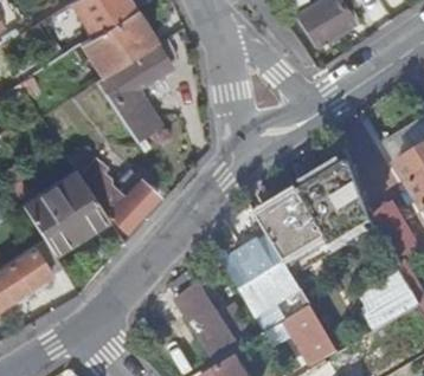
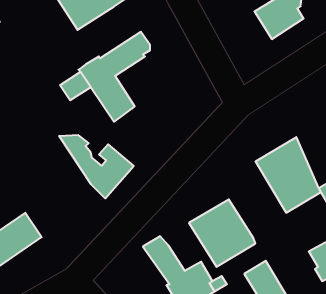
building: [82,9,155,77] -> none
building: [18,164,103,248] -> none
building: [257,189,336,278] -> none

